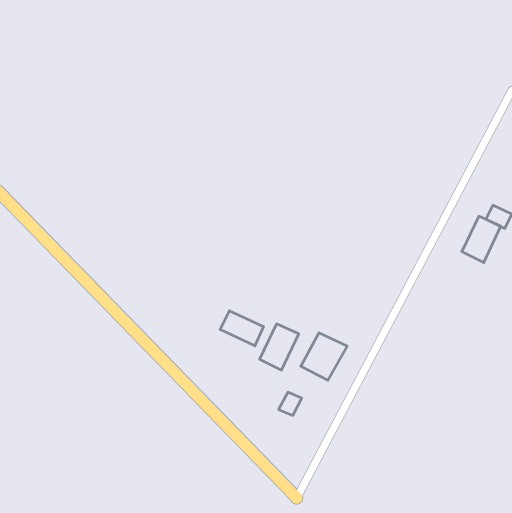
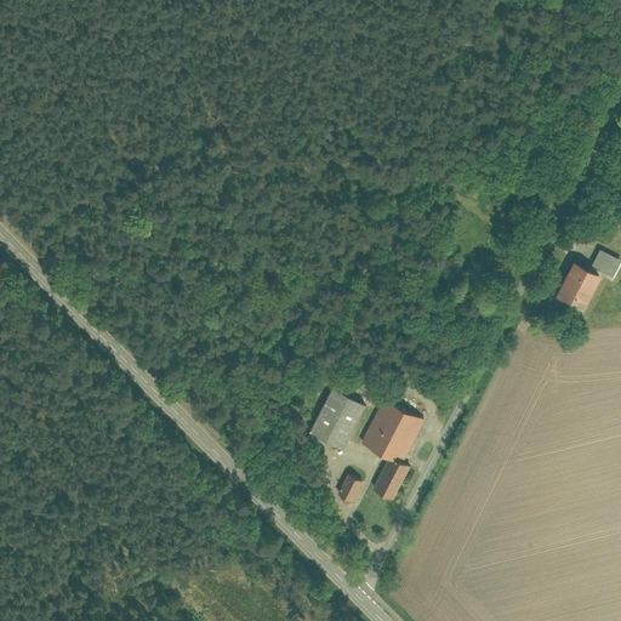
building: [220,311,263,346] -> none
building: none -> [370,458,405,500]

